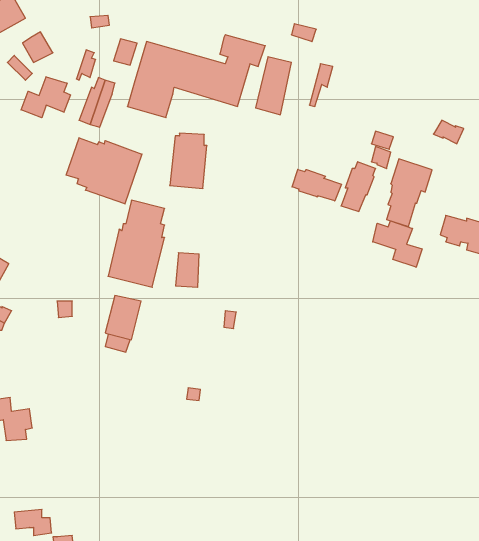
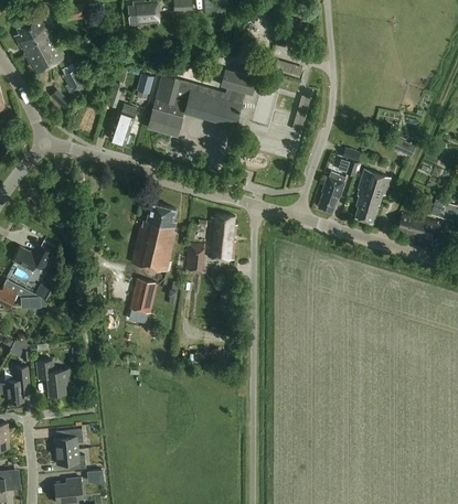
building: [21,77,71,118] -> none
building: [170,133,207,188] -> [207,216,237,260]
building: [66,138,142,204] -> none
building: [292,169,342,201] -> none
building: [373,221,422,267] -> none
building: none -> [54,429,84,452]

